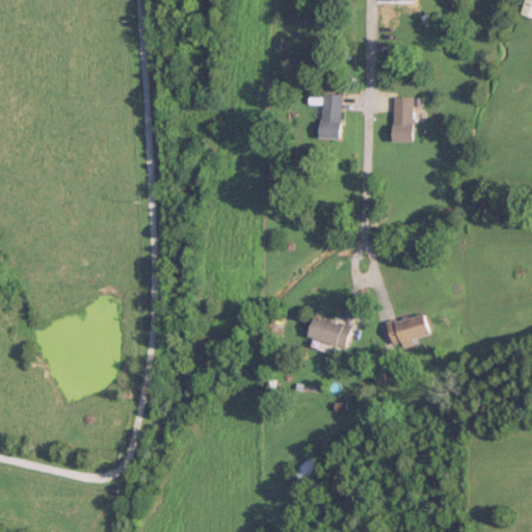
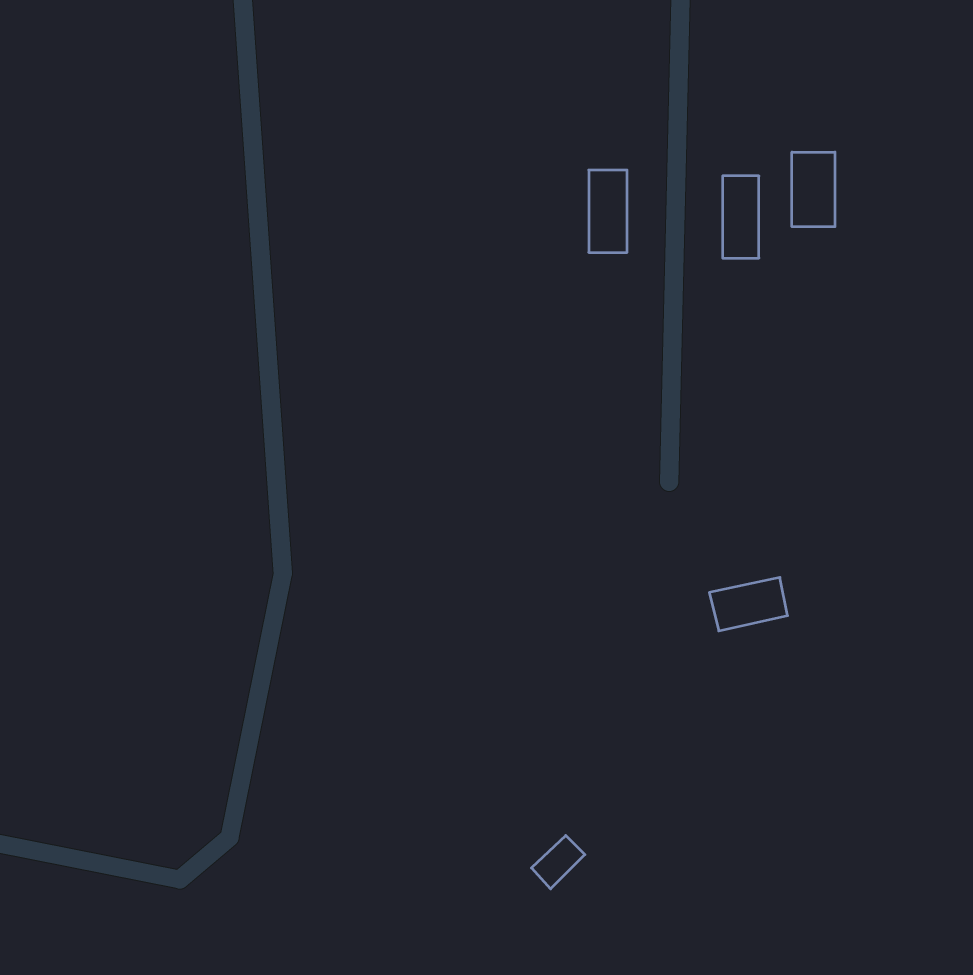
building: none -> [792,152,835,227]
building: [309,317,351,348] -> none

